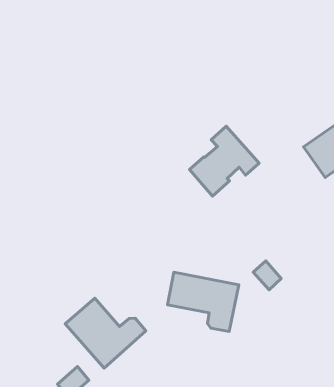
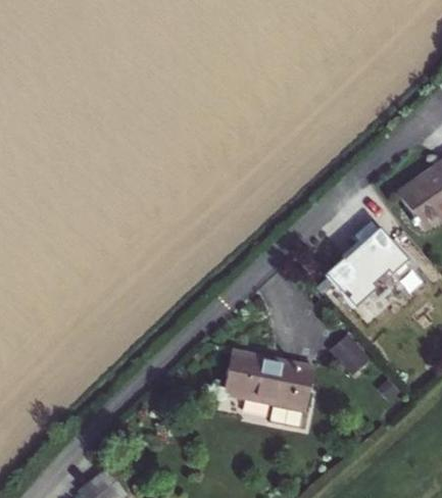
building: [189,126,259,196] -> [325,220,413,309]
building: [65,298,146,368] -> none

